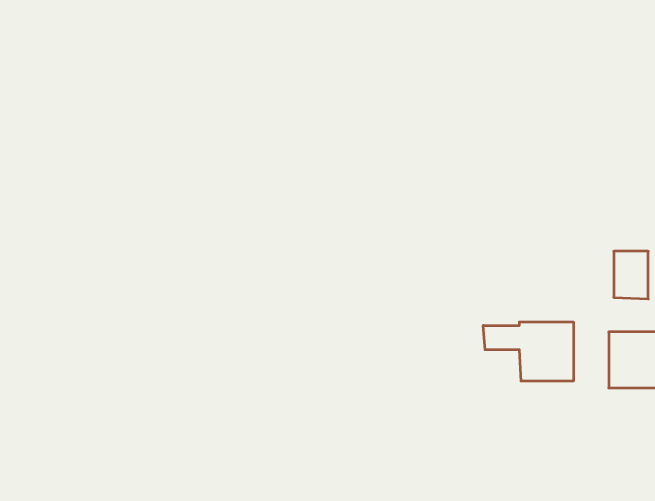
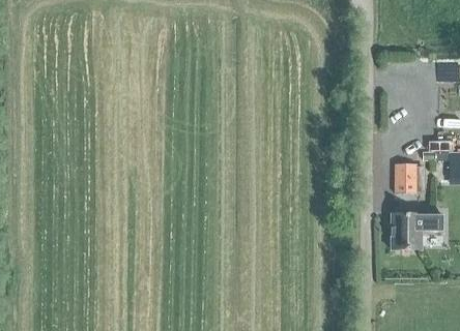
building: [483,322,573,381] -> none

